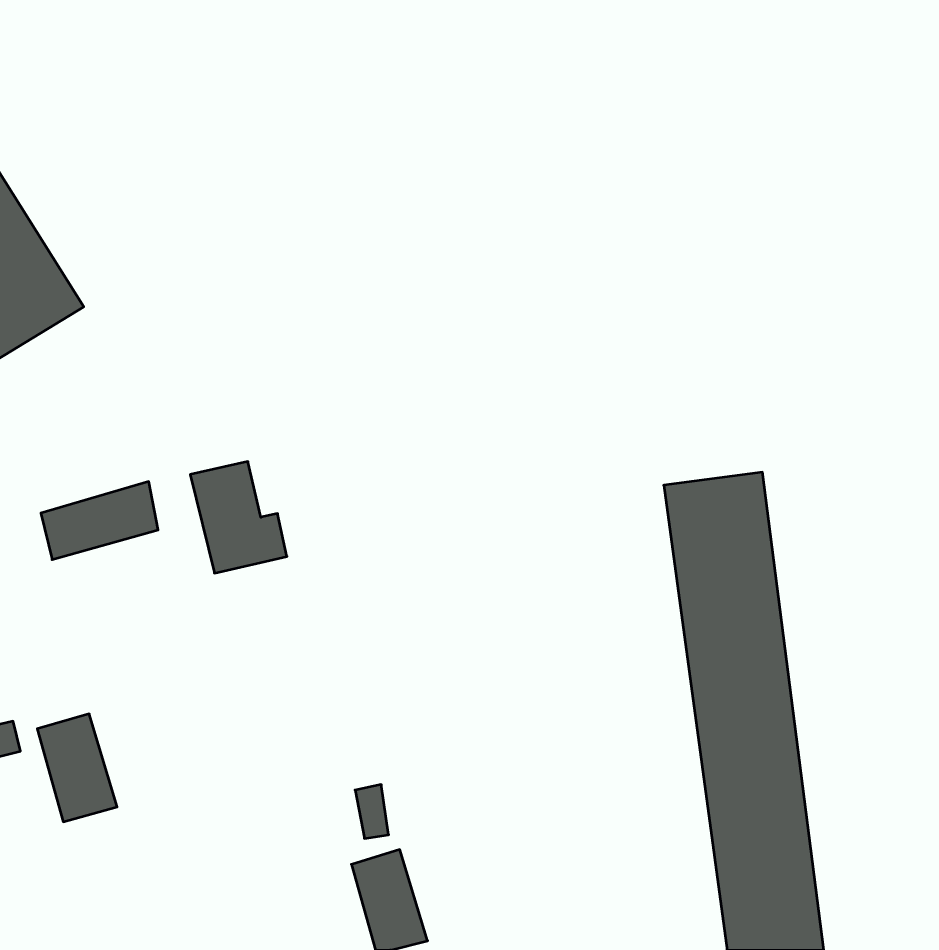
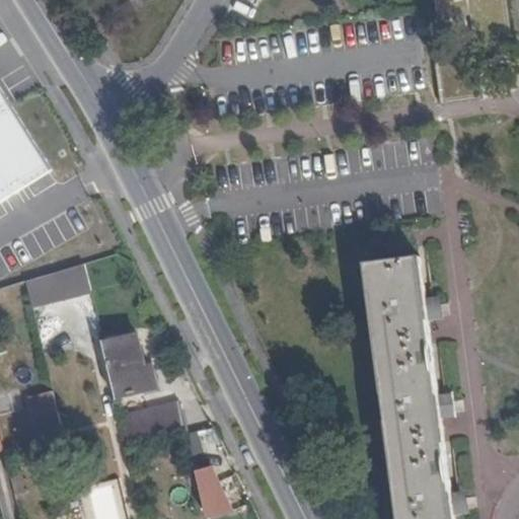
building: [190,462,287,573] -> [99,336,152,396]
building: none -> [118,404,181,445]

